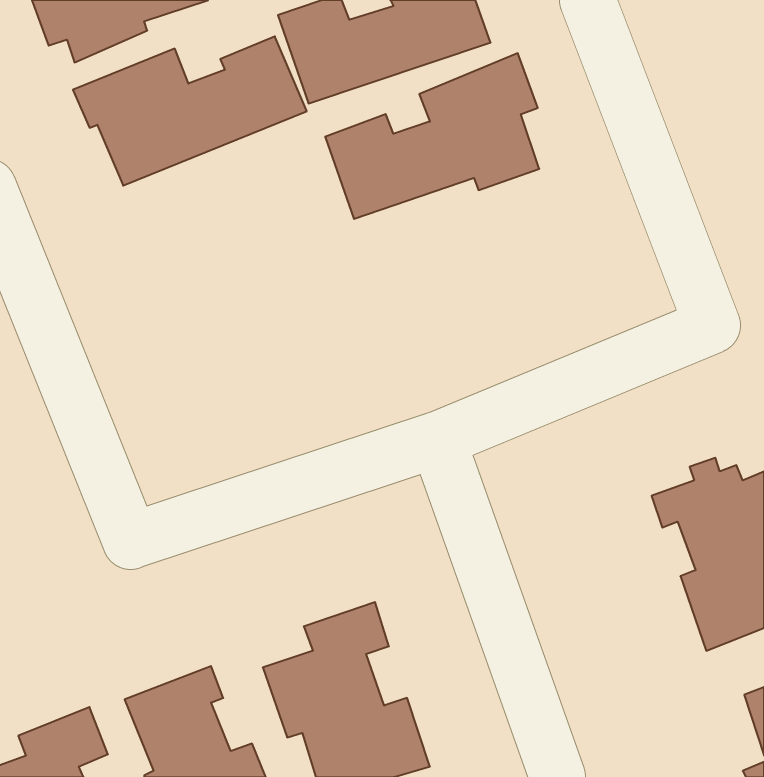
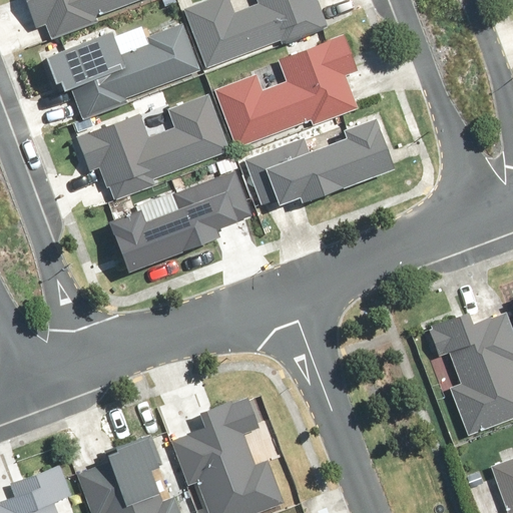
building: none -> [75,97,226,200]
building: none -> [243,118,398,207]
building: none -> [114,171,251,268]

